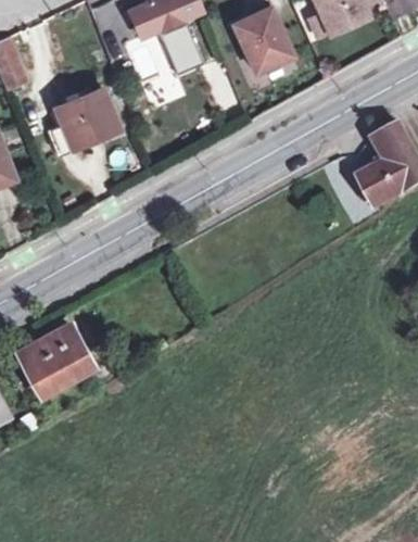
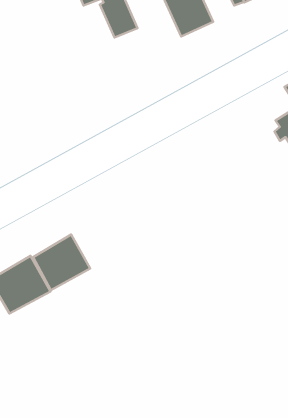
building: [53,86,116,149] -> none
building: none -> [33,235,90,290]

